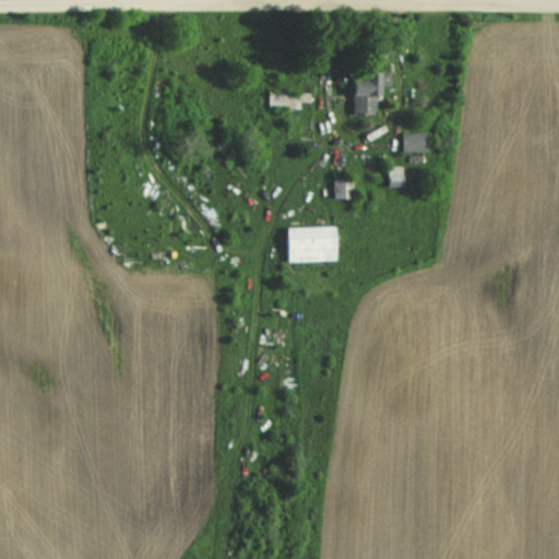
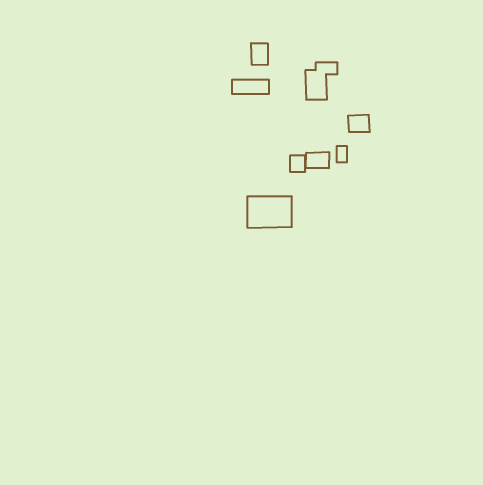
building: none -> [251,43,268,65]
building: none -> [306,152,329,168]

